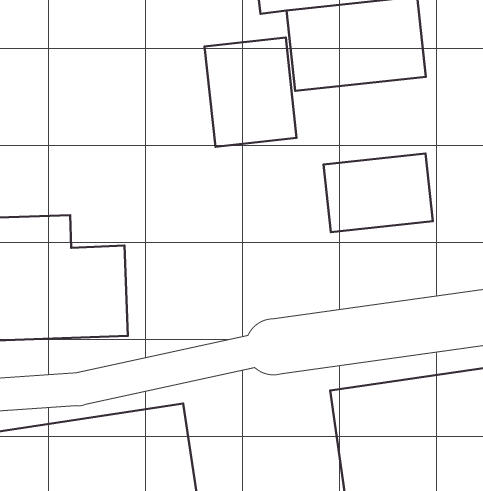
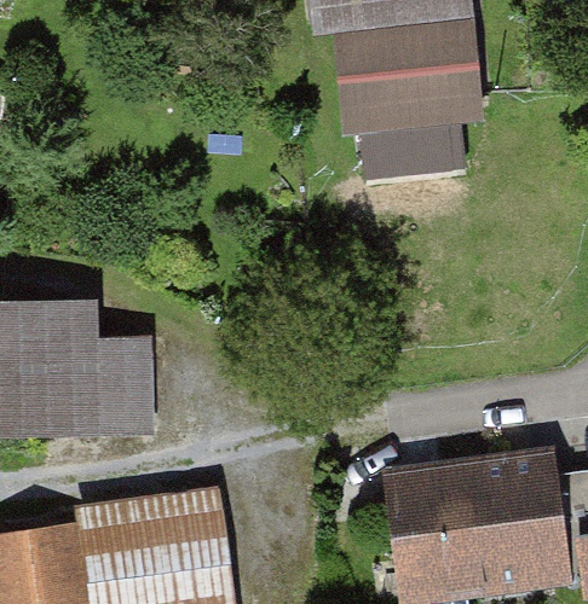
building: [204,38,297,147] -> none
building: [323,153,433,232] -> none

